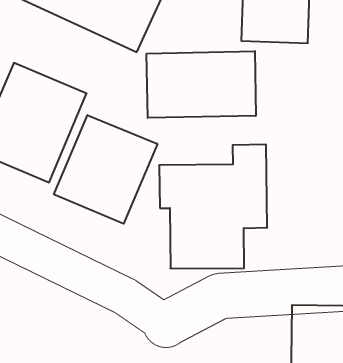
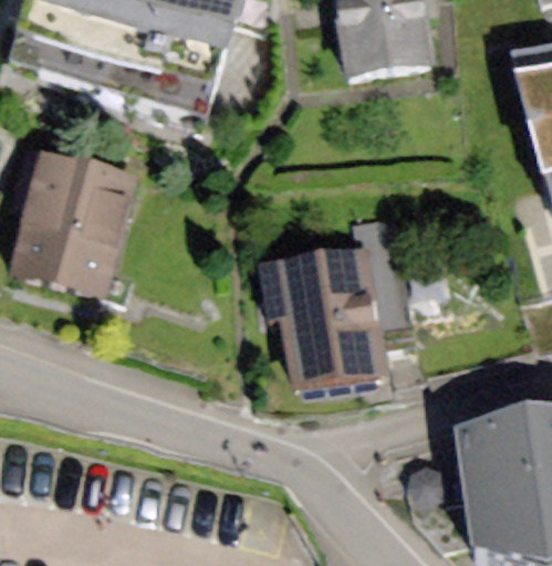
building: [147,51,256,118] -> none
building: [54,115,157,224] -> none

